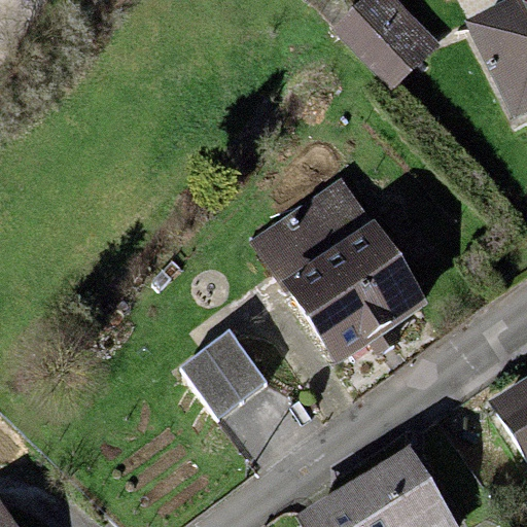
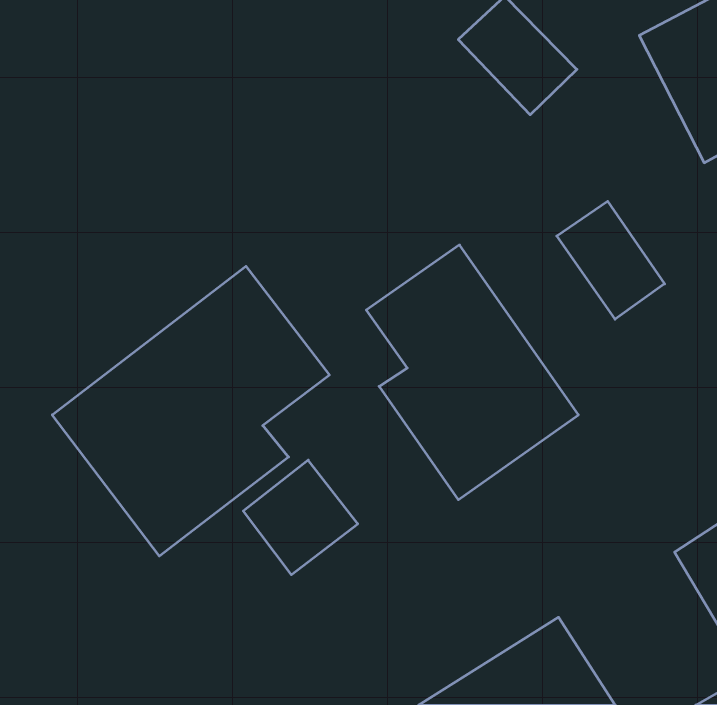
building: none -> [557,201,665,319]
building: none -> [52,266,329,556]

